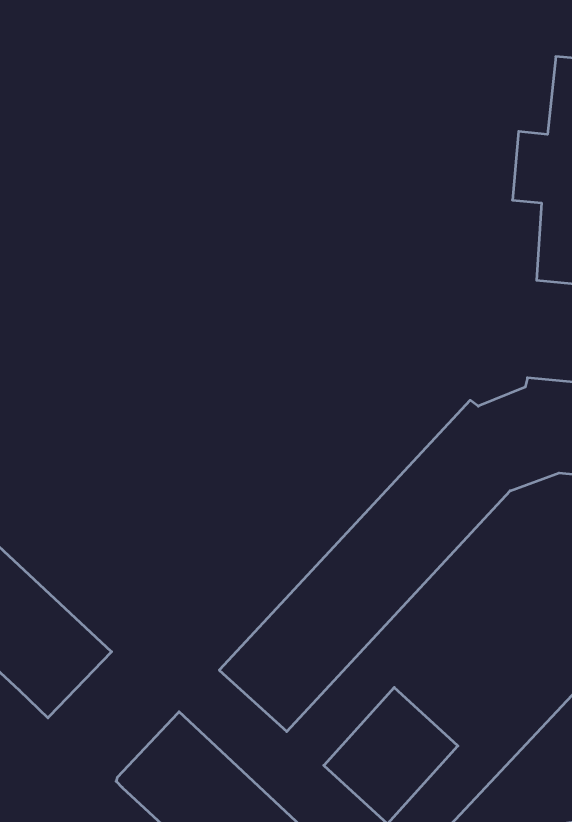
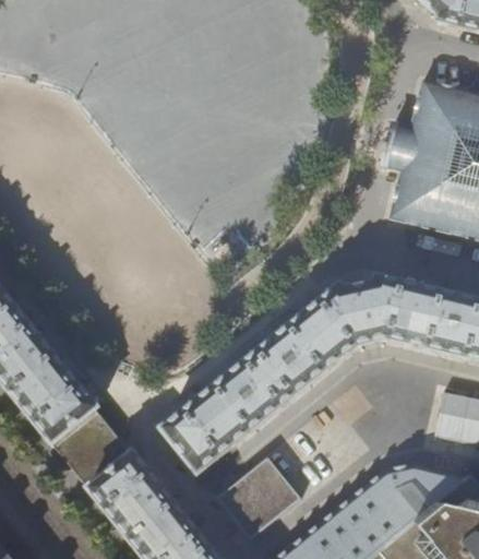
building: none -> [55,409,133,487]

